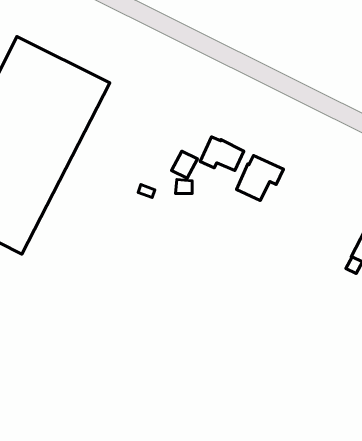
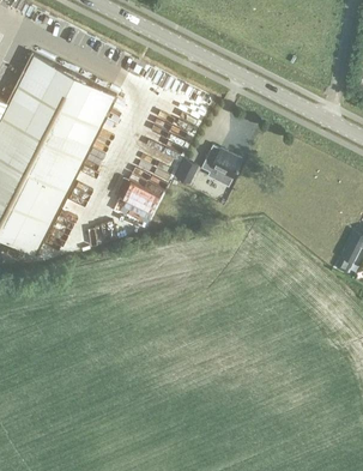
building: [237,155,284,200] -> none

